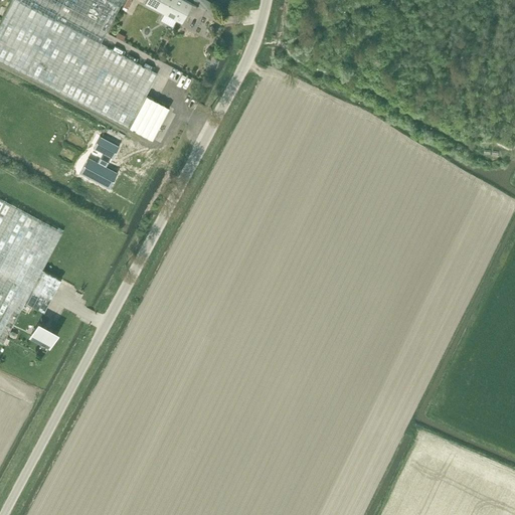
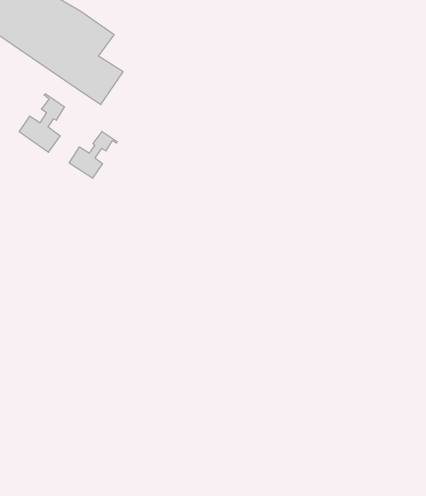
building: none -> [69,131,117,178]

